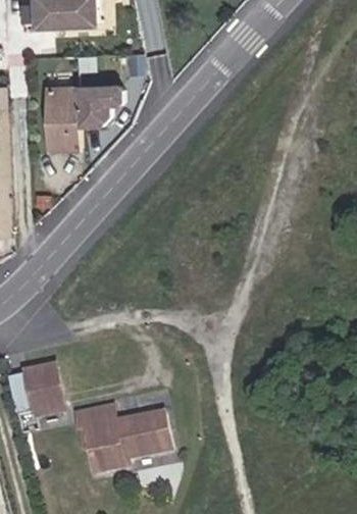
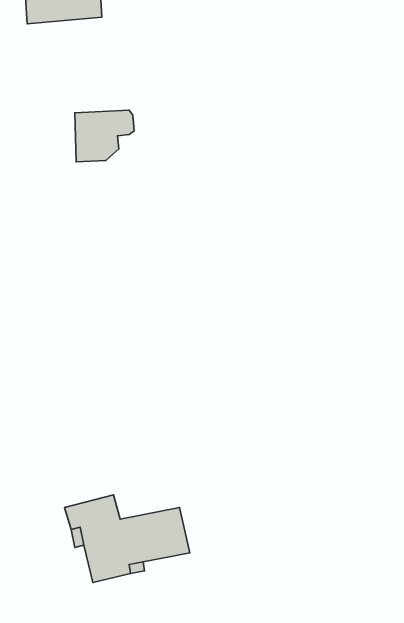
building: [46,98,80,160] -> none
building: [23,361,61,411] -> none

